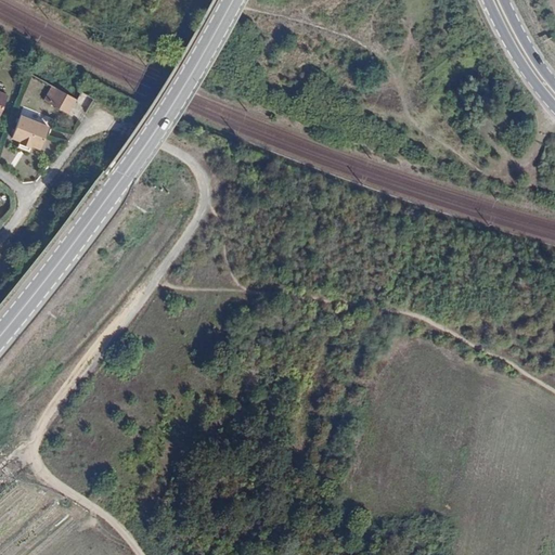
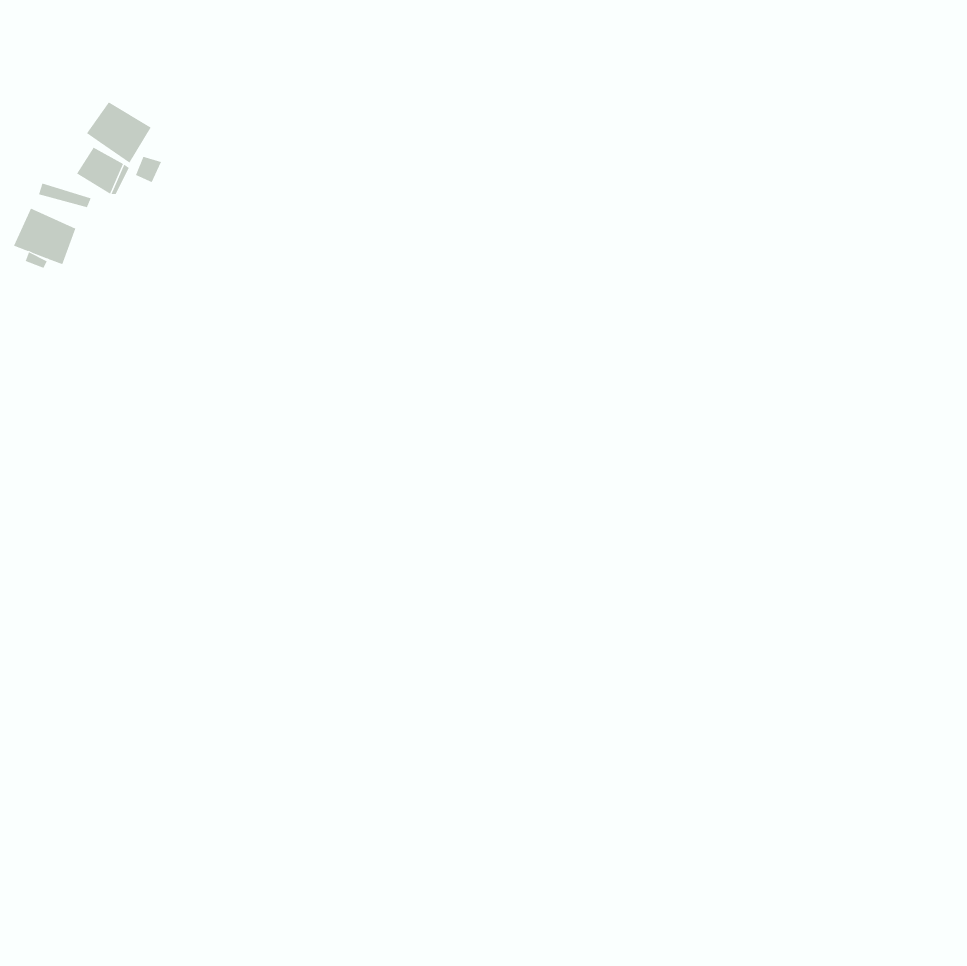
building: none -> [86,102,151,163]

